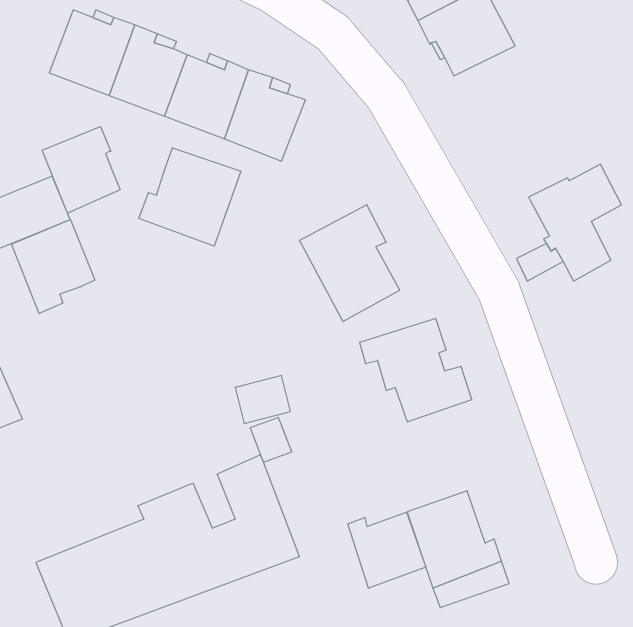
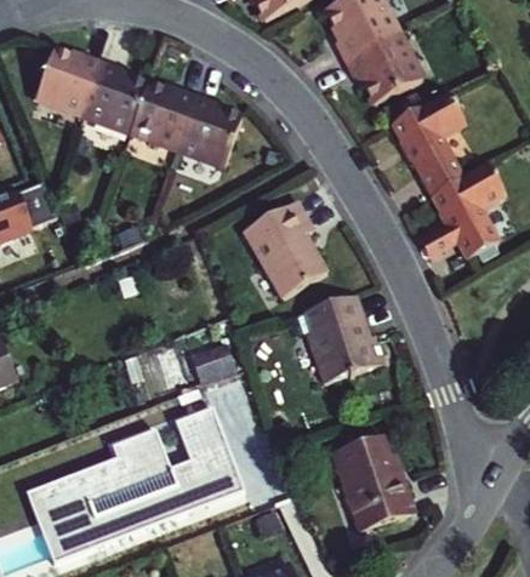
building: none -> [389,93,462,198]
building: [42,127,120,213] -> none
building: [139,148,241,246] -> none
building: [11,220,95,314] -> none
building: [348,512,426,588] -> none

